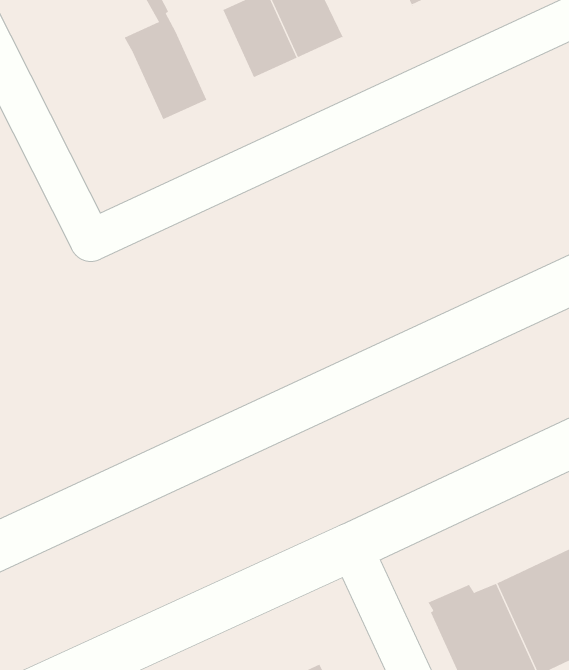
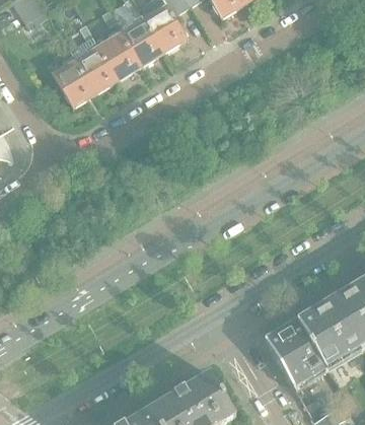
building: none -> [98,28,142,77]
building: none -> [52,56,96,105]

